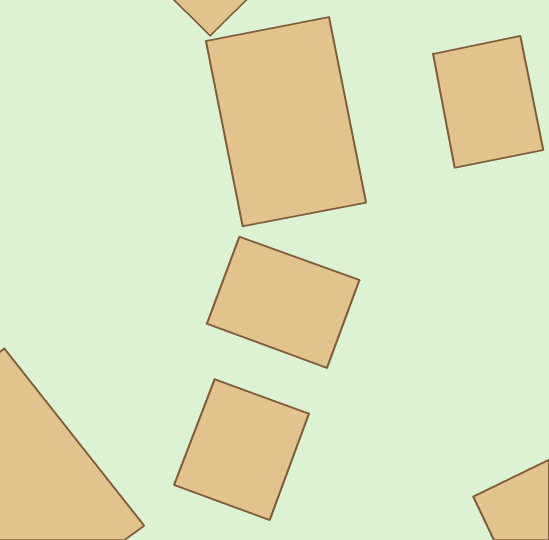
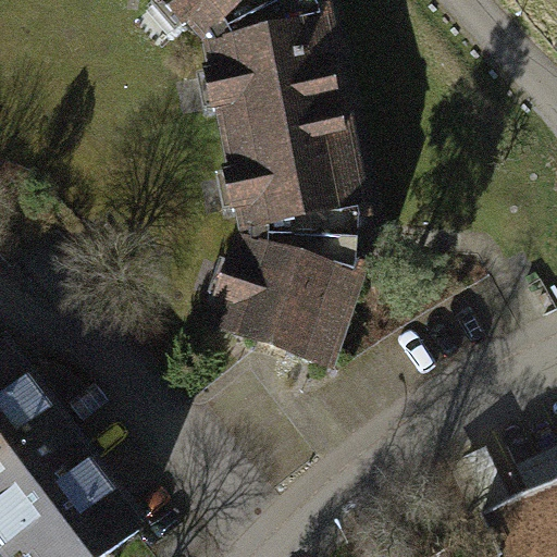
building: [433,36,543,168] -> none
building: [174,379,309,520] -> none

